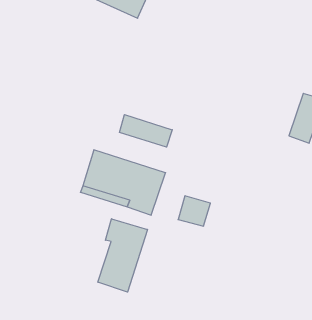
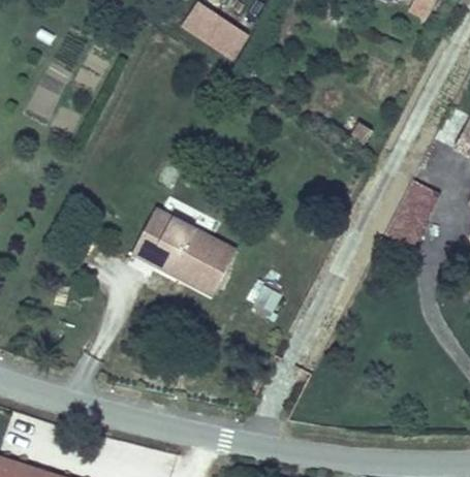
building: [119,115,172,147] -> none
building: [98,219,147,292] -> none

